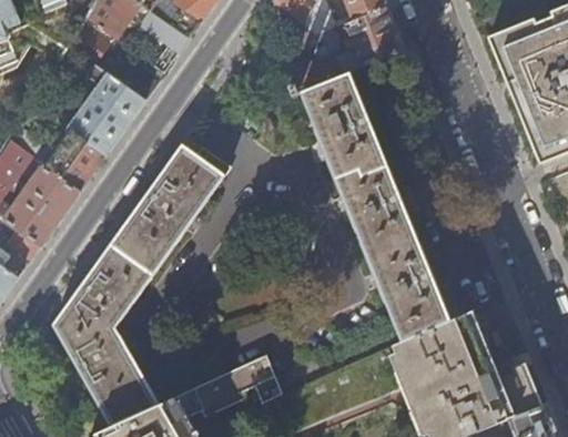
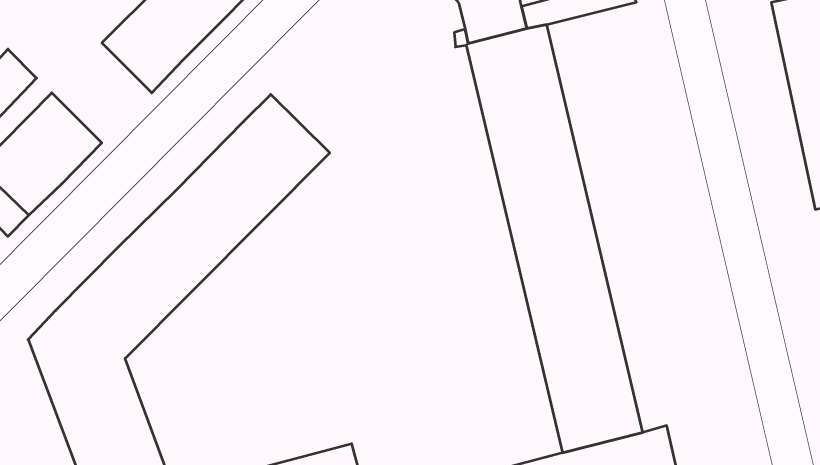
building: [42,128,105,191] -> none

